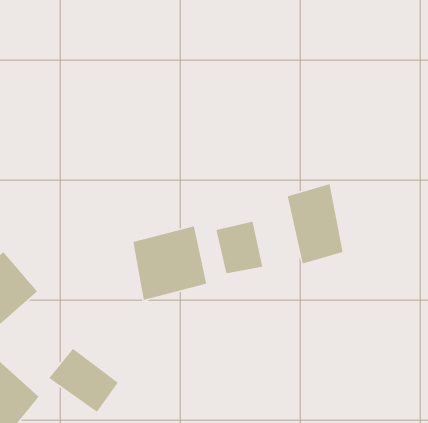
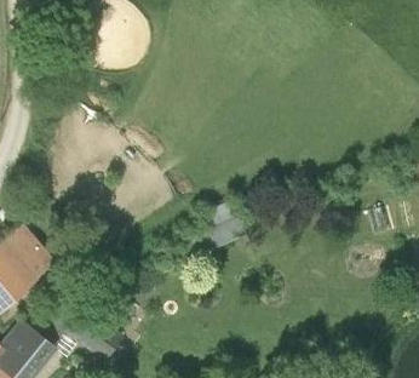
building: [287,183,344,265] -> none
building: [133,225,207,301] -> none

